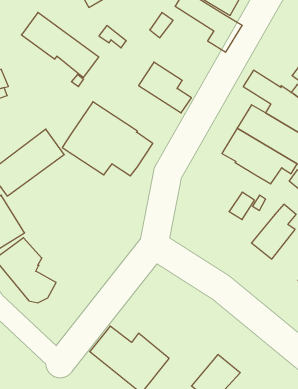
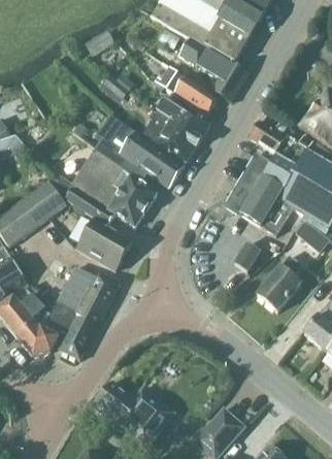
building: [21,12,99,77] -> [105,121,184,187]
building: none -> [166,70,218,114]
building: none -> [157,95,209,146]
building: none -> [77,218,131,268]
building: none -> [37,266,119,359]

